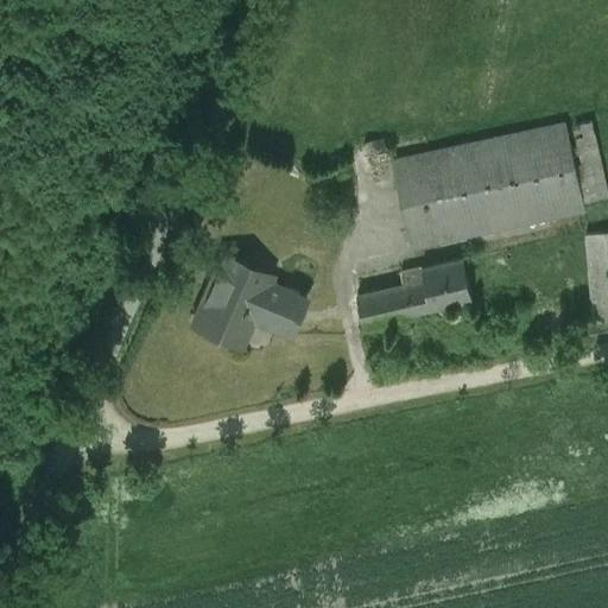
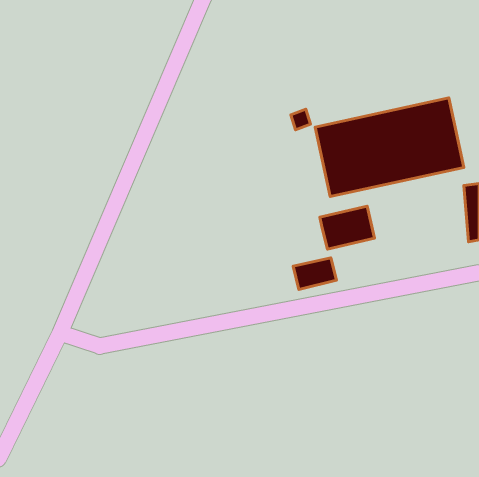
building: [191,252,306,341] -> none
building: [359,286,413,327] -> [293,258,336,290]

